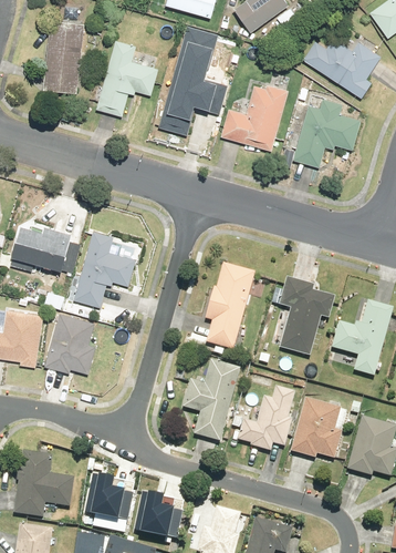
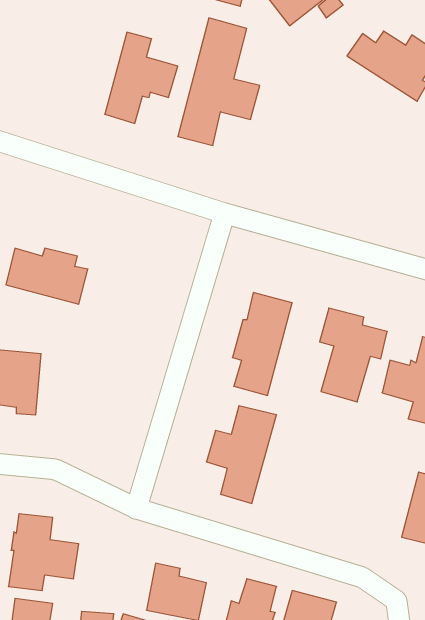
building: [42,21,83,95] -> none
building: [219,85,286,152] -> none
building: [293,94,359,167] -> none
building: [73,229,135,305] -> none
building: [43,311,95,372] -> none
building: [237,385,294,450] -> none
building: [289,396,343,459] -> none
building: [81,471,128,520] -> none

